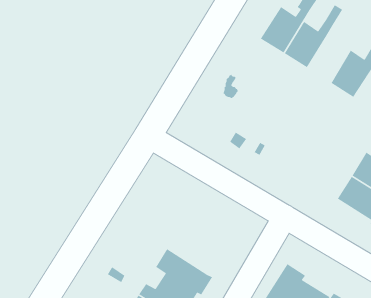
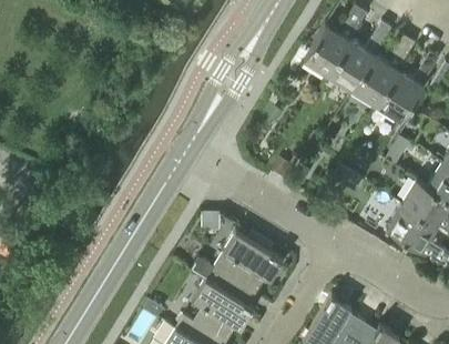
building: none -> [353,37,415,107]
building: none -> [205,232,283,308]

